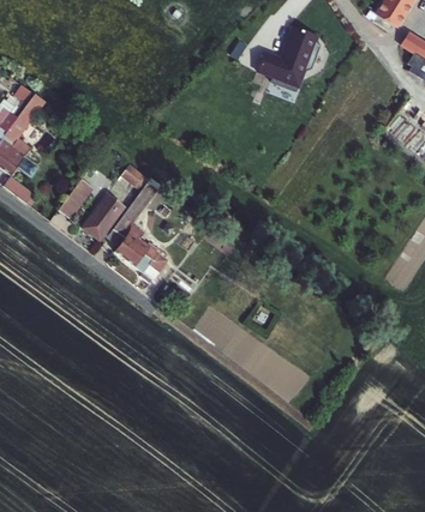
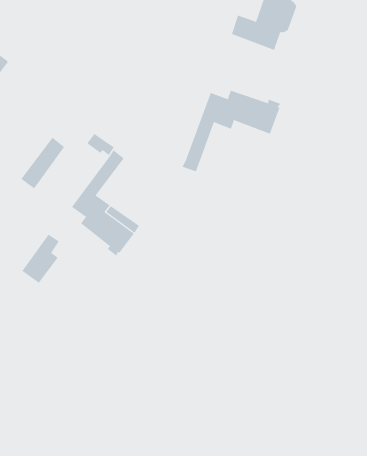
building: none -> [182,90,281,172]
building: [83,191,119,237] -> [22,234,60,283]

